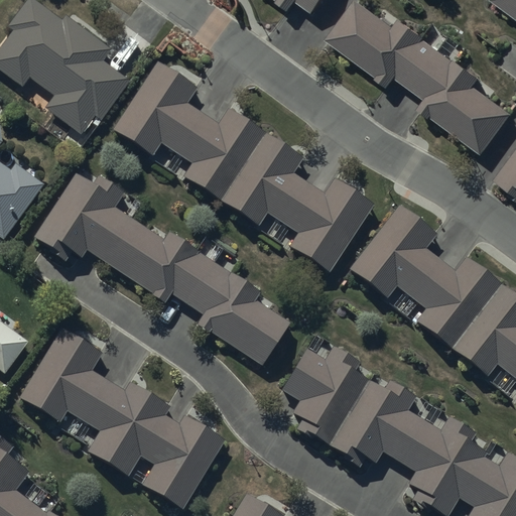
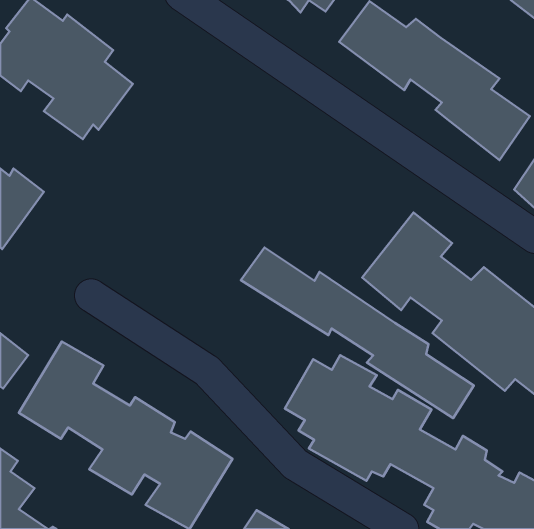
building: [113,61,373,272] -> none
building: [33,173,290,366] -> none
building: none -> [241,247,474,418]

